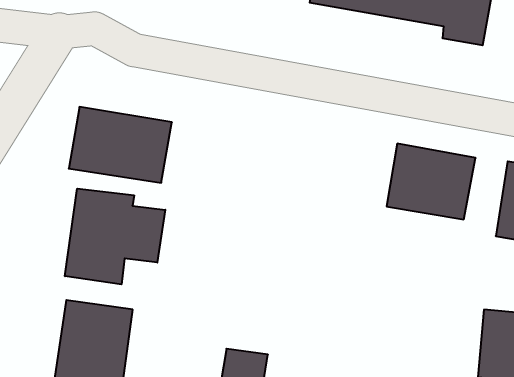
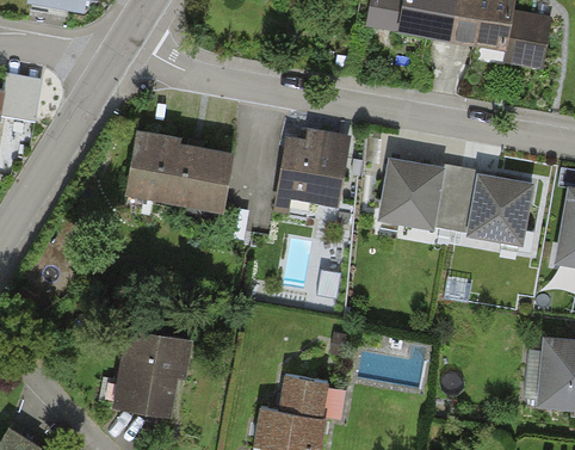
building: none -> [272,128,352,211]
building: none -> [376,158,456,233]
building: [65,189,165,284] -> none

